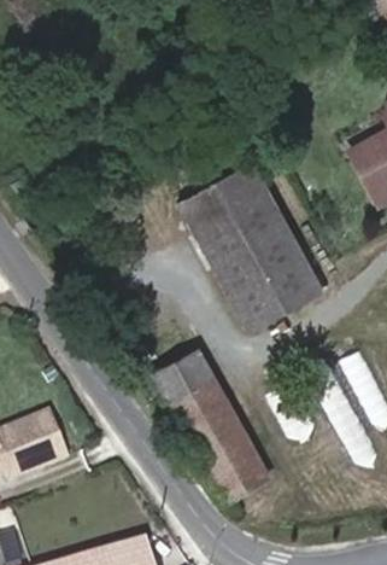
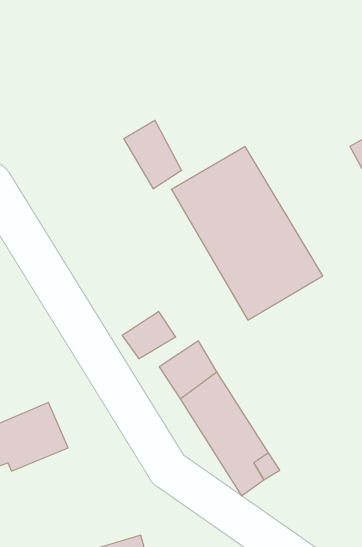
building: none -> [124,120,182,189]
building: none -> [122,311,176,359]

